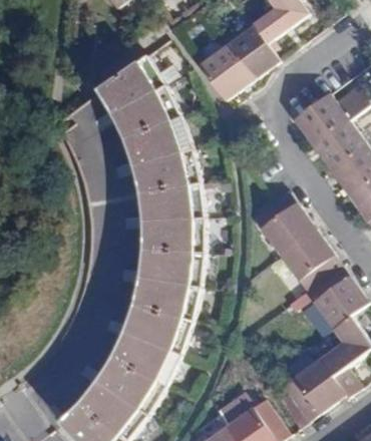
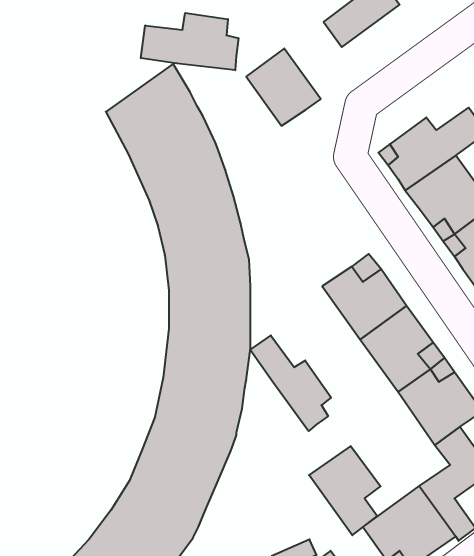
building: none -> [141,13,238,70]
building: [225,26,278,81] -> none
building: none -> [250,335,331,431]
building: none -> [309,446,381,535]

